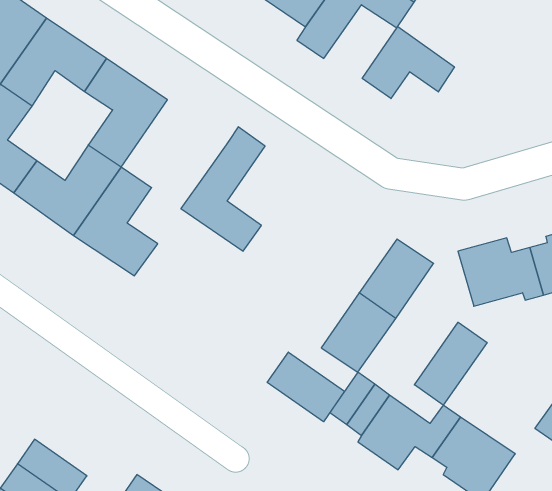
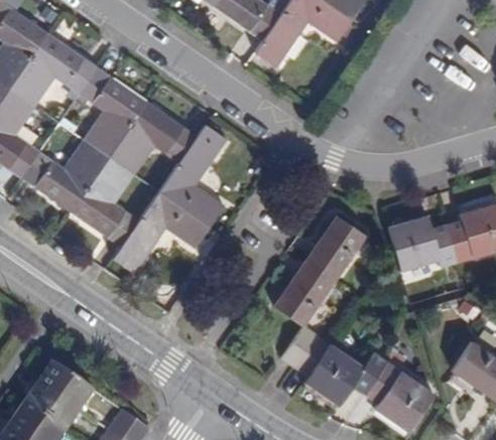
building: [362,26,454,99] -> none
building: none -> [109,101,198,173]
building: none -> [112,190,210,273]
building: [414,322,487,405] -> none
building: [267,352,345,422] -> none
building: none -> [37,360,95,411]

